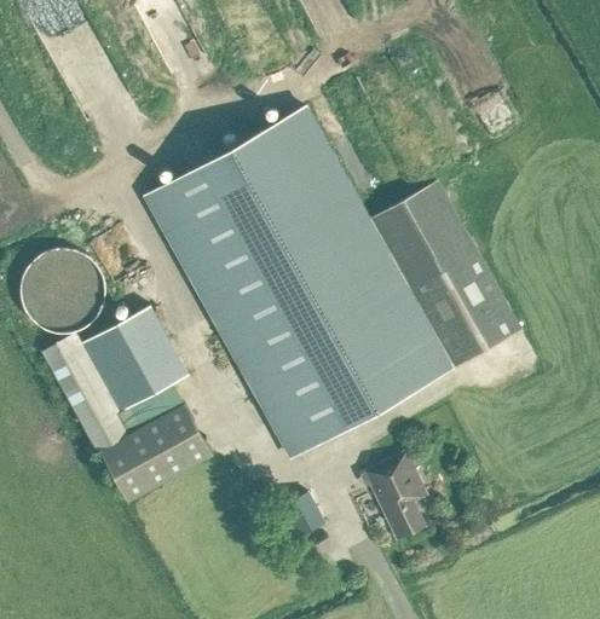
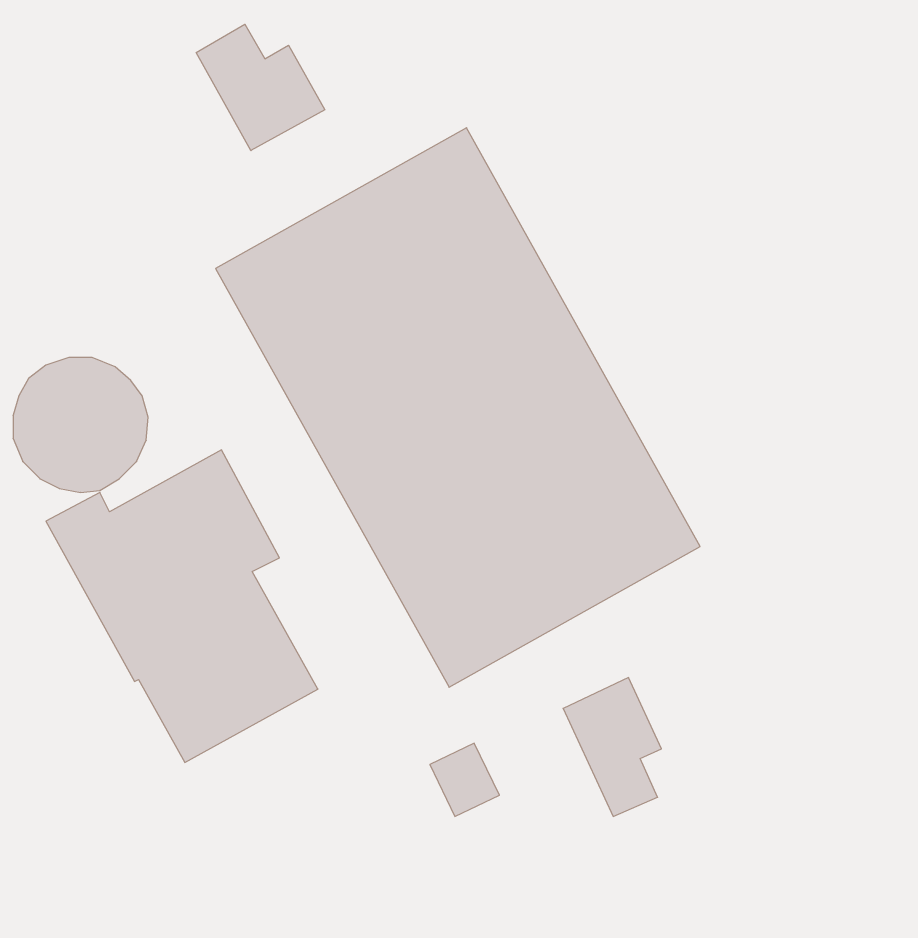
building: none -> [196,24,325,151]
building: [369,183,521,369] -> none

